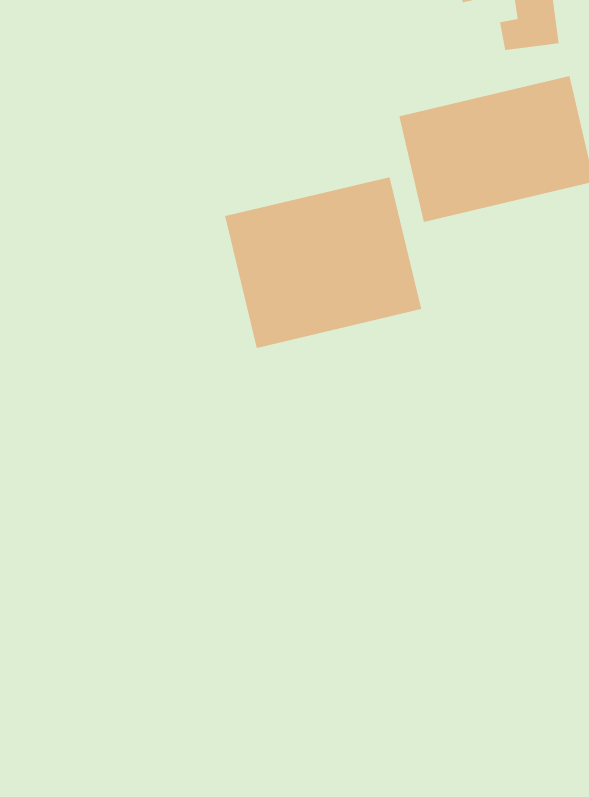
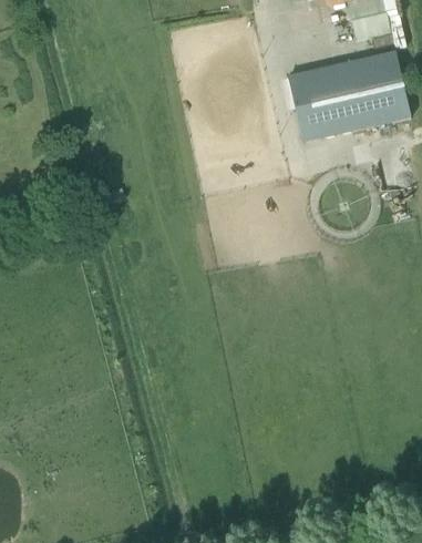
building: [225,176,422,349] -> none

